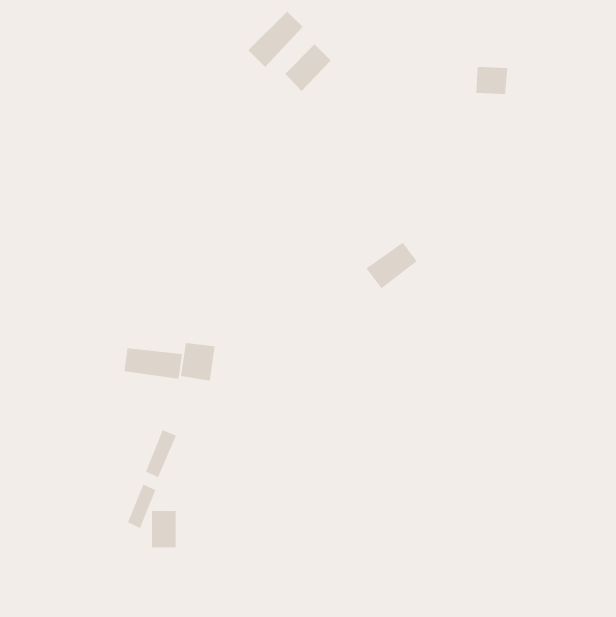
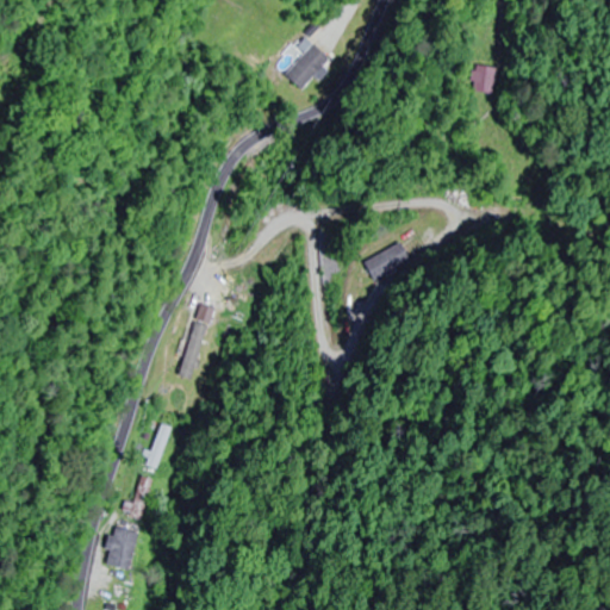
building: [247,11,304,68] -> none
building: [124,348,183,380] -> none
building: [151,510,177,548] -> [107,530,132,567]

